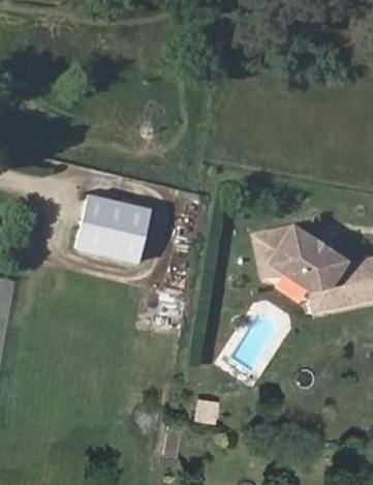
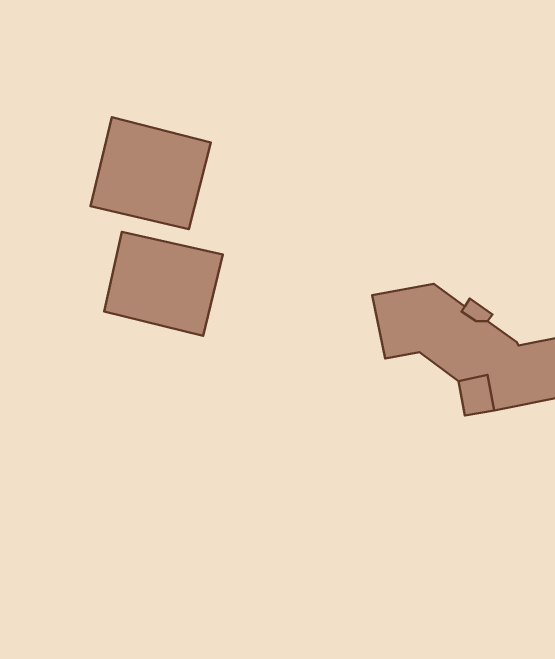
building: none -> [90,117,211,229]

